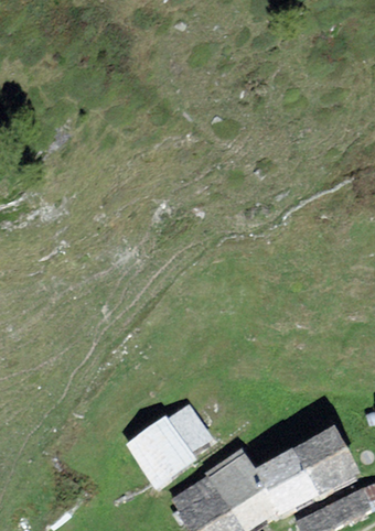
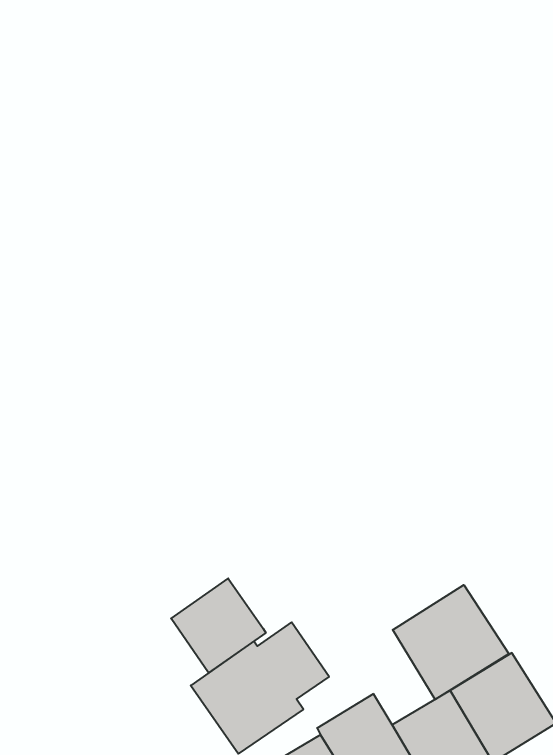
building: none -> [171,578,266,673]
building: none -> [393,585,509,699]

